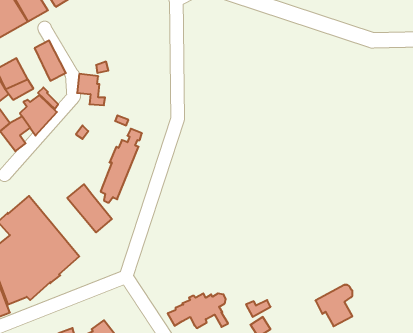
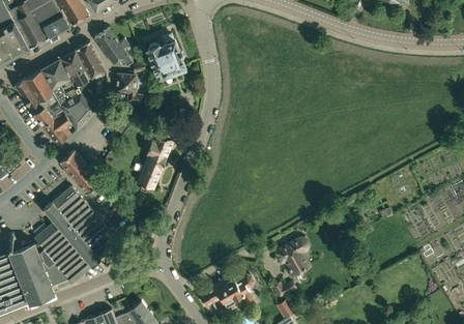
building: none -> [94,28,133,66]
building: none -> [147,34,186,81]
building: none -> [61,51,87,84]
building: [67,184,112,232] -> [59,150,100,195]
building: [315,285,352,326] -> [276,237,310,275]

